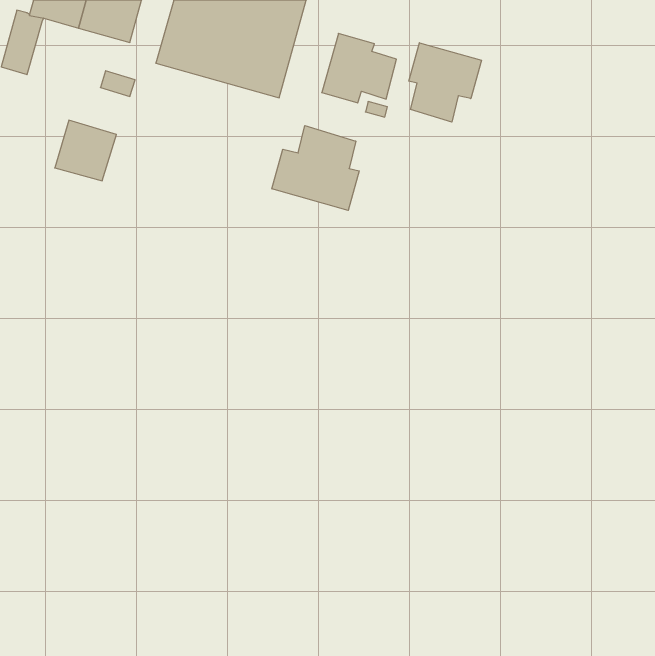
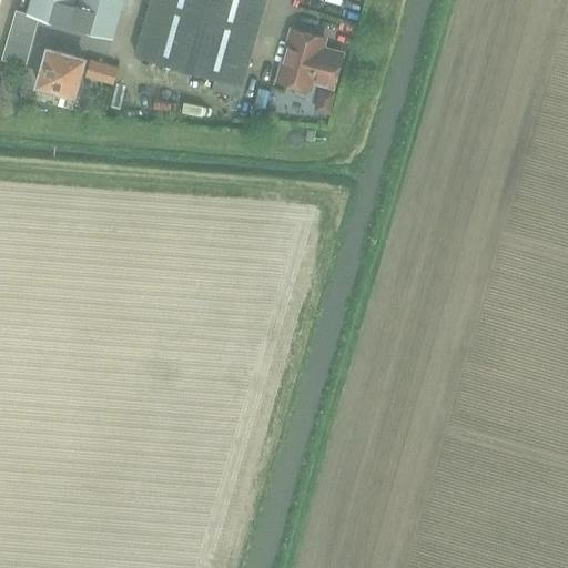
building: [409,43,482,122] -> none
building: [55,120,116,181] -> [33,47,87,99]
building: [272,126,359,210] -> none

